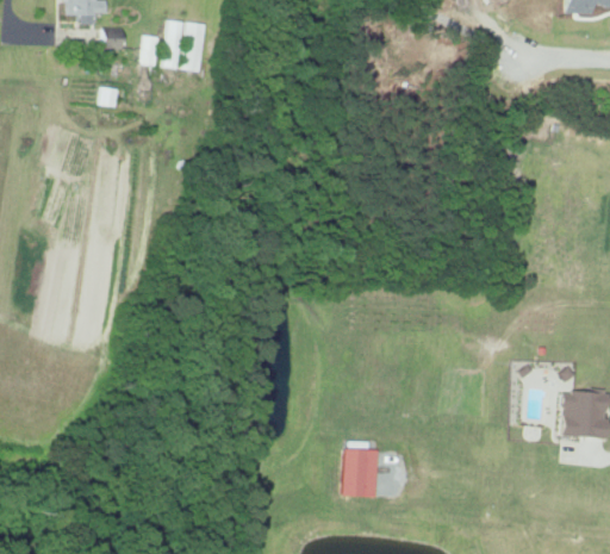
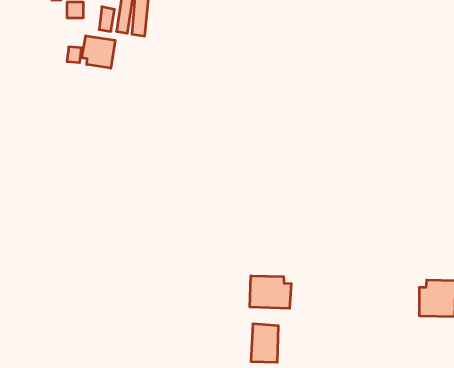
building: none -> [82,36,115,68]
building: none -> [250,276,291,308]

